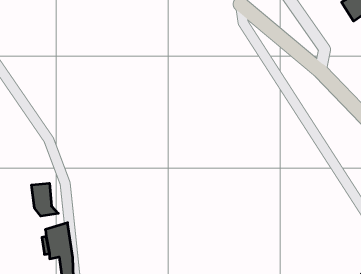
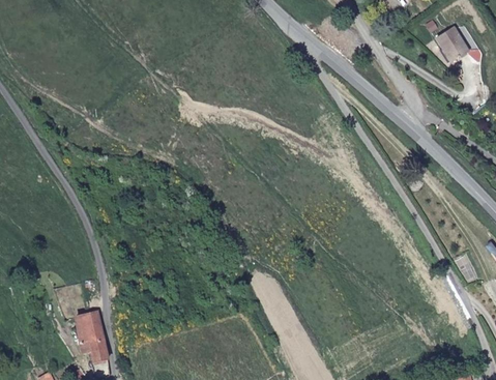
building: [32,183,58,216] -> none

